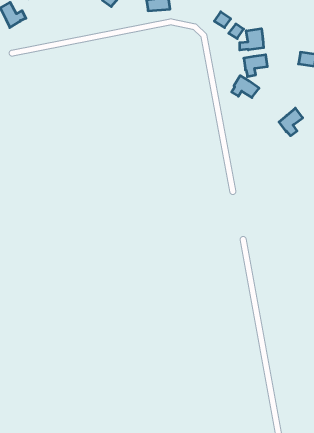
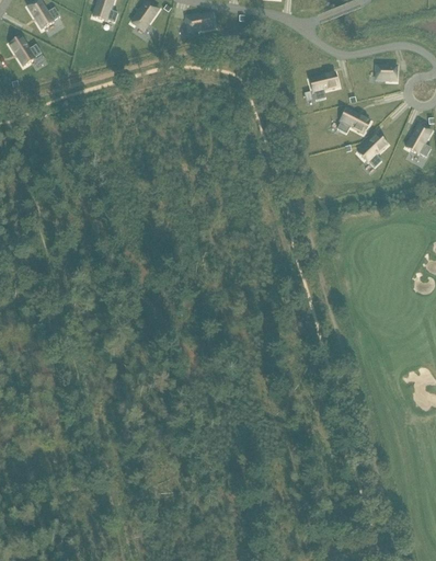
building: [240,29,264,50] -> none
building: [232,76,259,98] -> [337,107,370,133]

